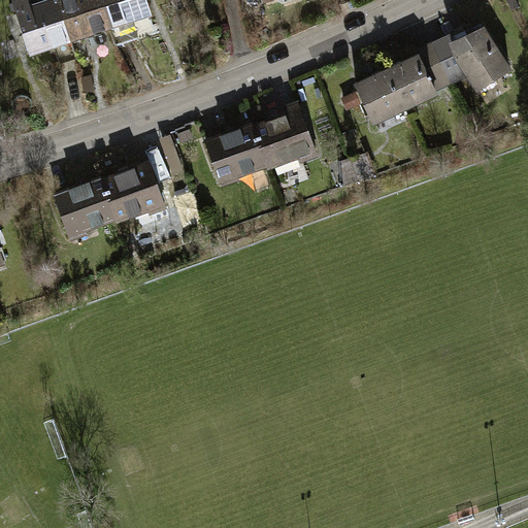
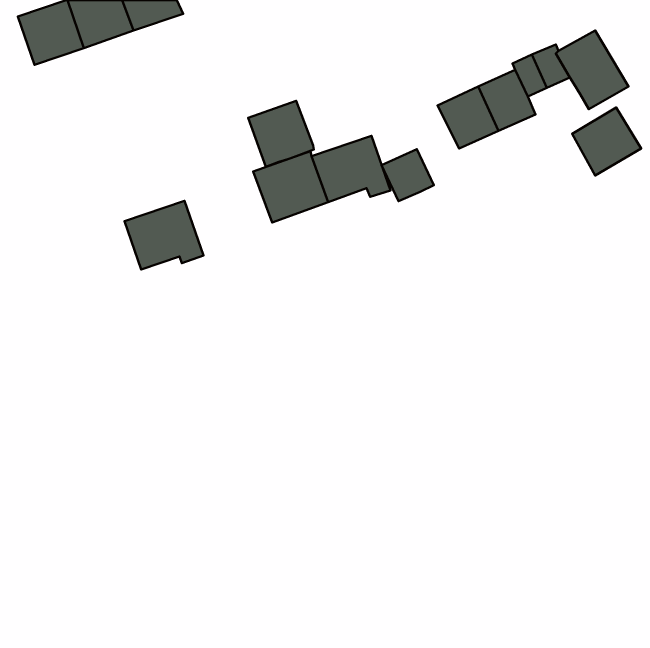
building: none -> [248,101,314,167]
building: none -> [572,107,641,176]
building: none -> [382,149,434,201]
building: [56,180,114,238] -> none

